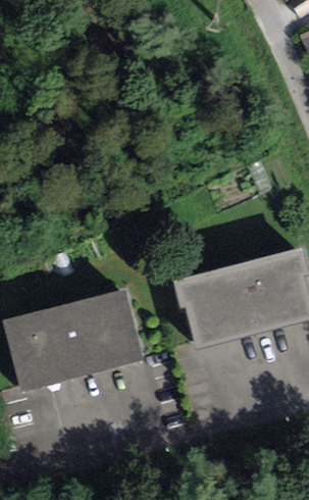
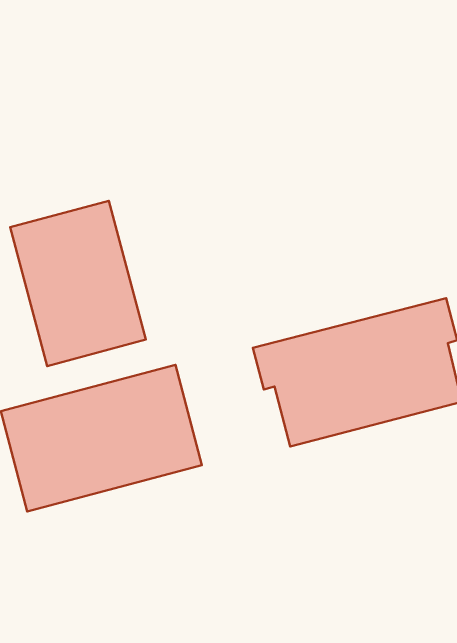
building: none -> [10,201,146,366]

